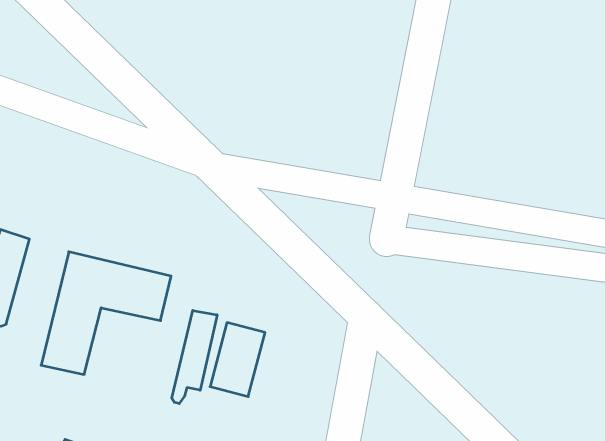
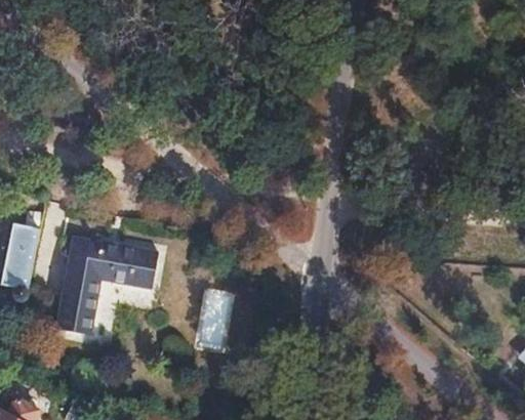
building: [172,310,217,404] -> none

